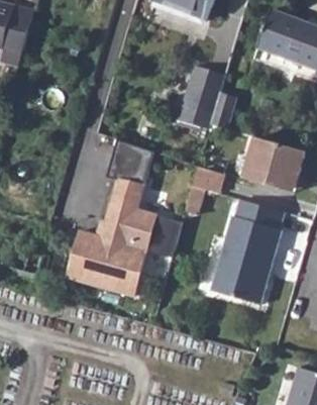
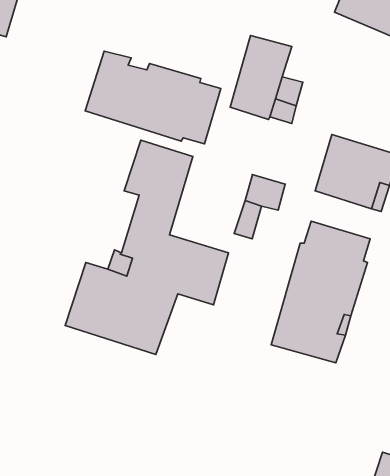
building: none -> [85,51,221,144]

